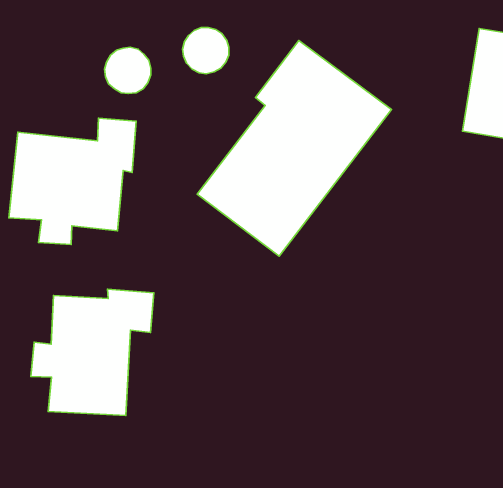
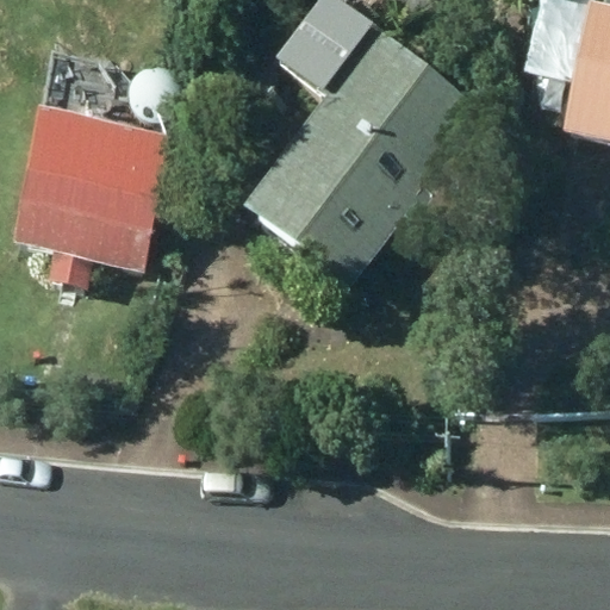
building: [31,289,154,415] -> none

